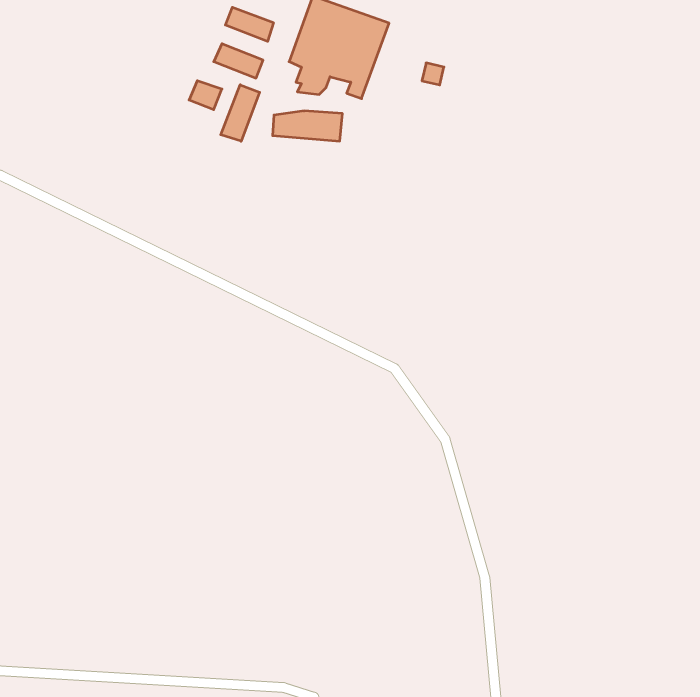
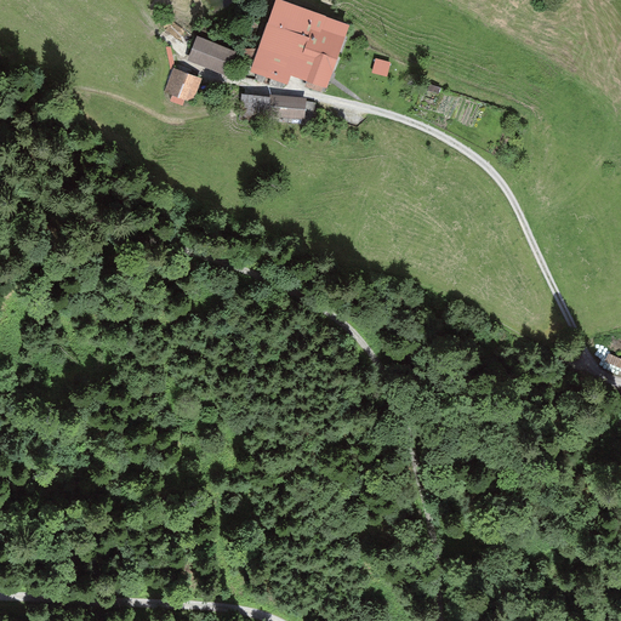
building: [225,7,273,41] -> none
building: [221,85,260,141] -> none

